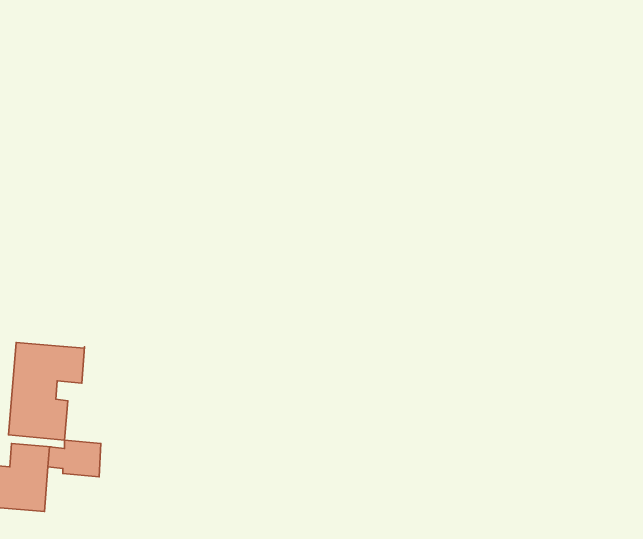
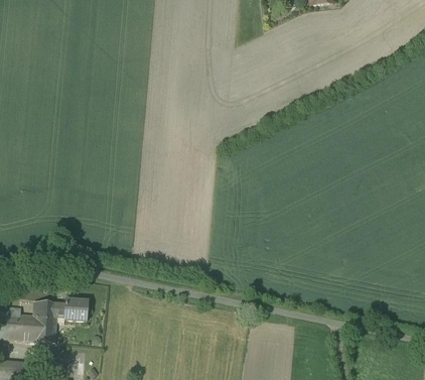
building: [9,342,85,440] -> none

